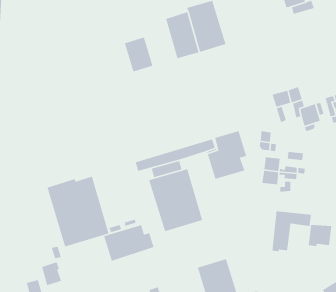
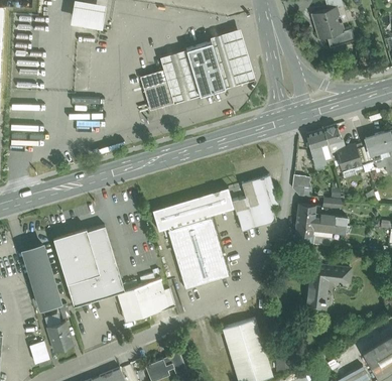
building: none -> [160,50,200,104]
building: none -> [23,245,59,308]
building: [308,224,332,248] -> none

